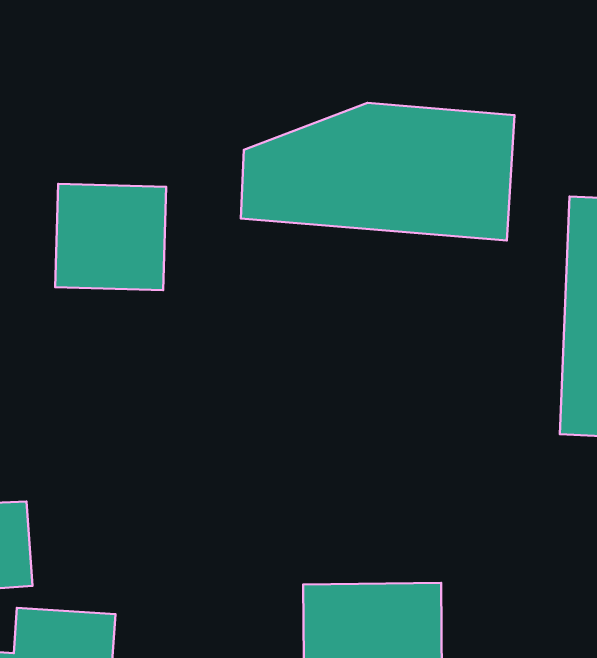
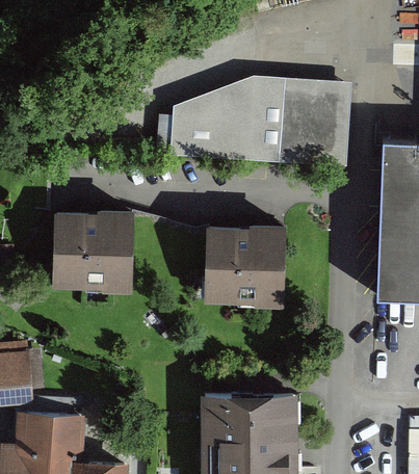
building: [55,184,166,290] -> [56,216,130,287]
building: none -> [207,228,289,302]

